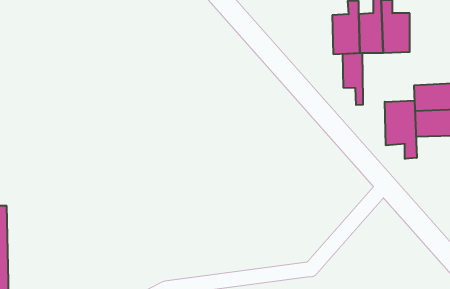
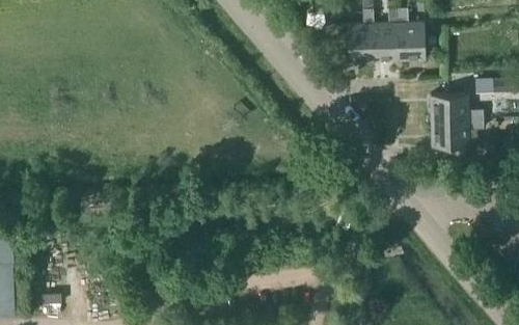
building: [343,53,363,105] -> none
building: [385,101,417,159] -> none

